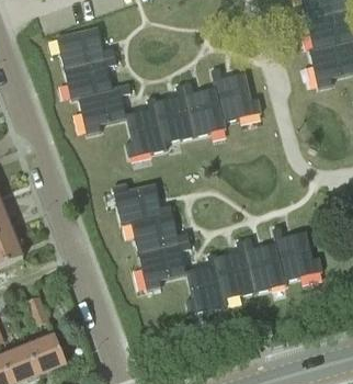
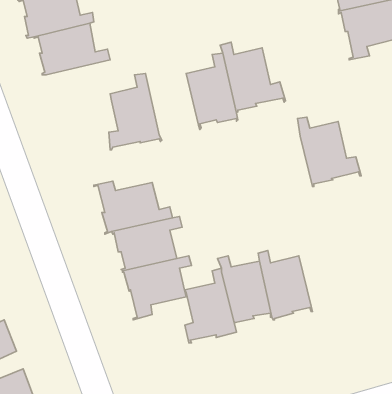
building: [73,84,129,136] -> none
building: [152,89,196,146] -> none
building: [275,228,327,284] -> [297,117,361,187]

